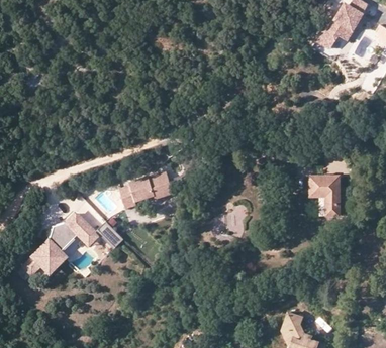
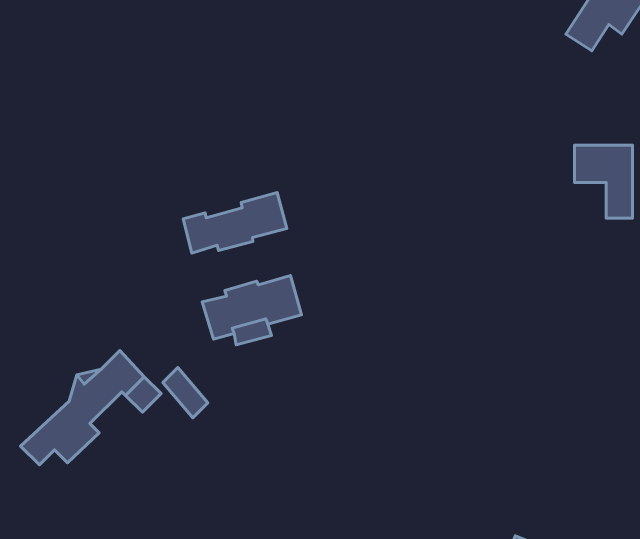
building: none -> [183,193,287,253]
building: [308,175,340,214] -> [574,145,632,218]

